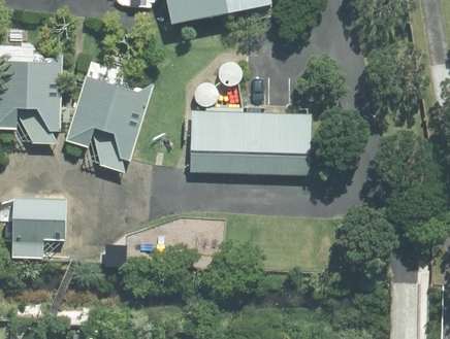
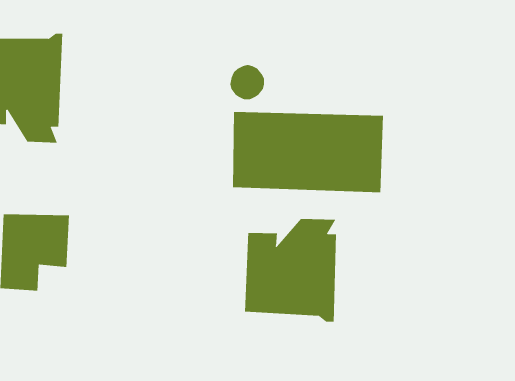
building: [66,75,153,172] -> none
building: none -> [245,218,337,323]

